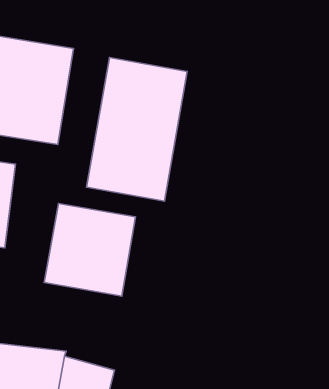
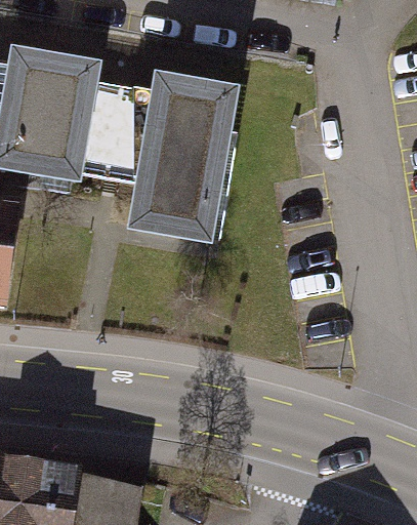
building: [44,203,136,296] -> none

